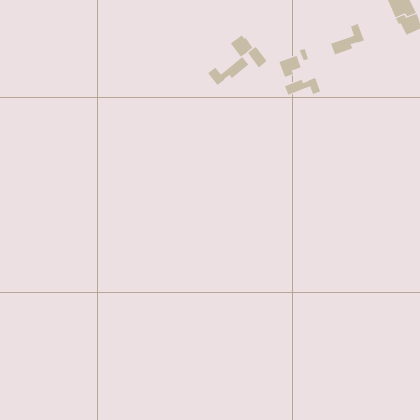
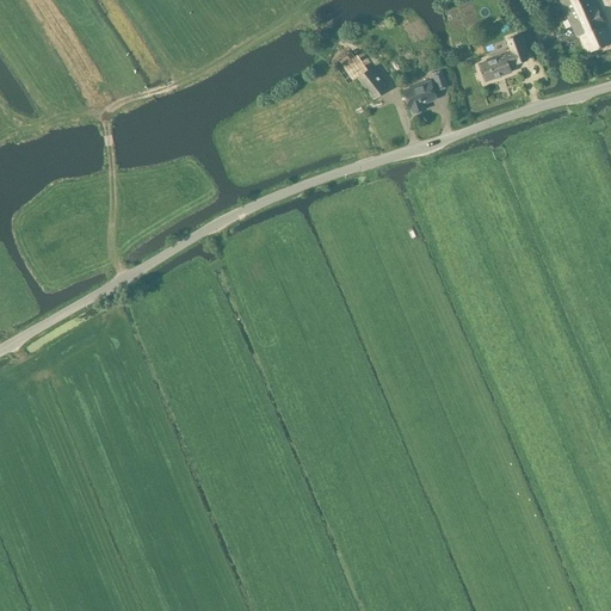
building: [207,56,249,86] -> none
building: [284,77,321,96] -> none

